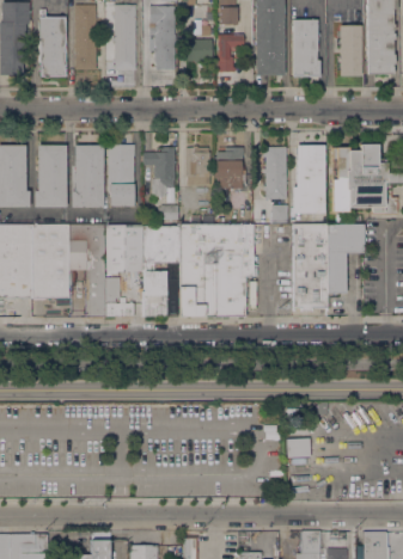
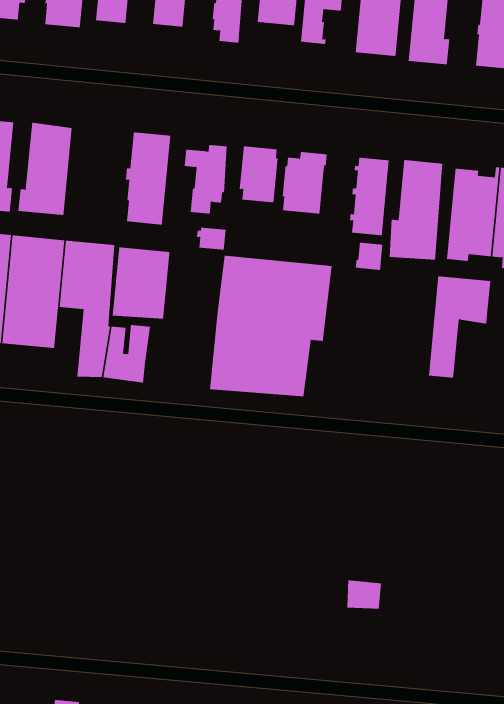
building: [72,146,104,208] -> none
building: [294,223,328,311] -> none
building: [142,226,179,317] -> none

